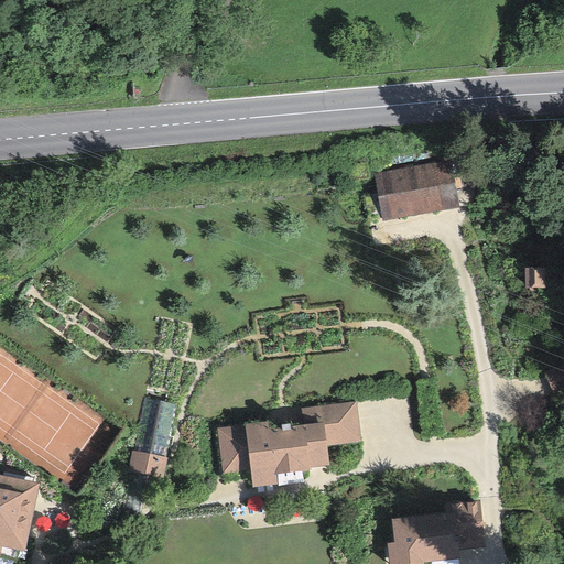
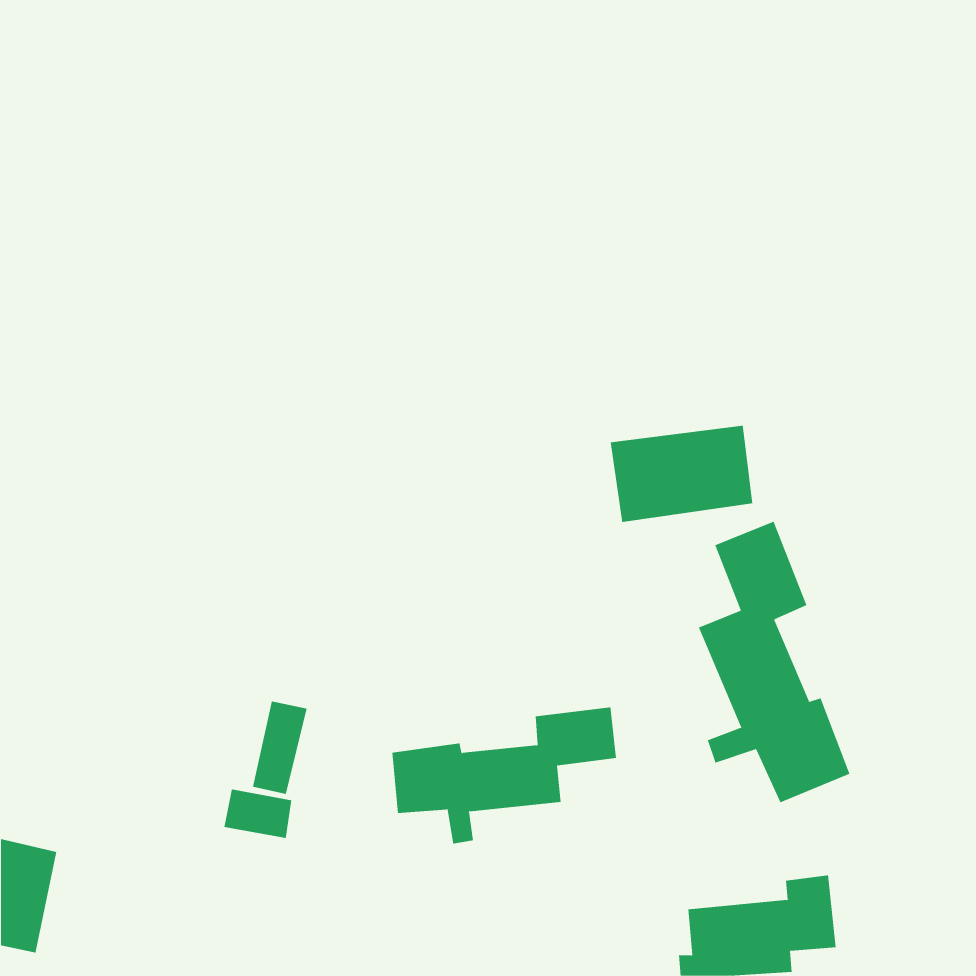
building: [372,160,455,216] -> [610,425,753,522]
building: none -> [698,521,850,803]

